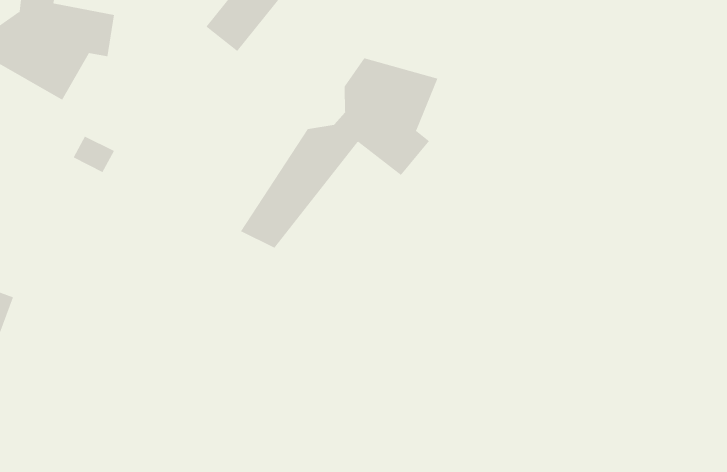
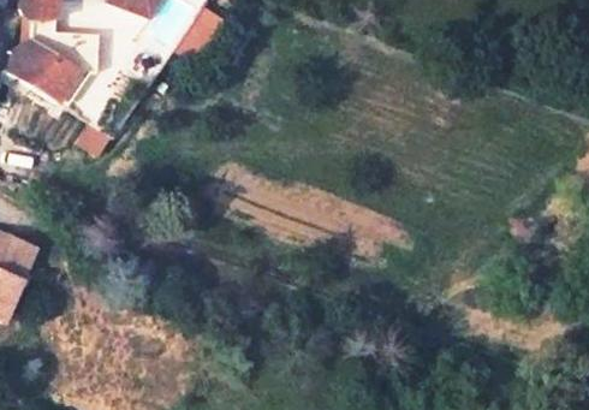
building: [240,57,438,248] -> none

